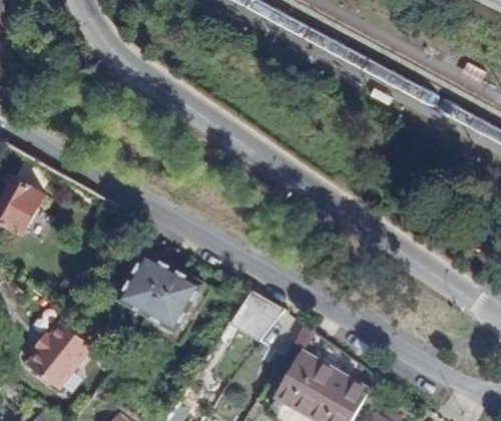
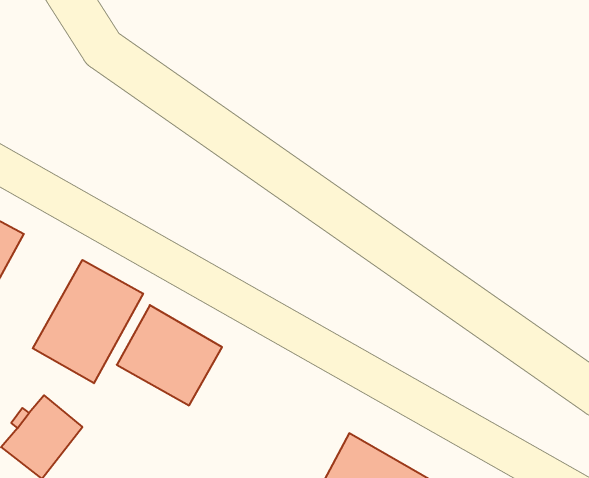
building: none -> [33,260,143,383]
building: [229,291,283,340] -> none

